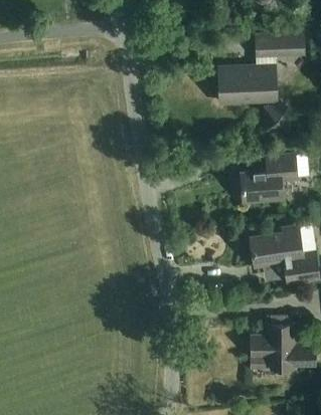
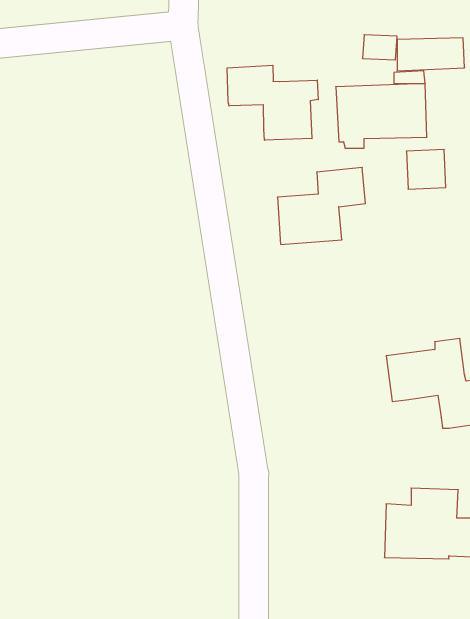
building: none -> [227,65,318,140]
building: [240,154,297,203] -> [277,167,365,244]

